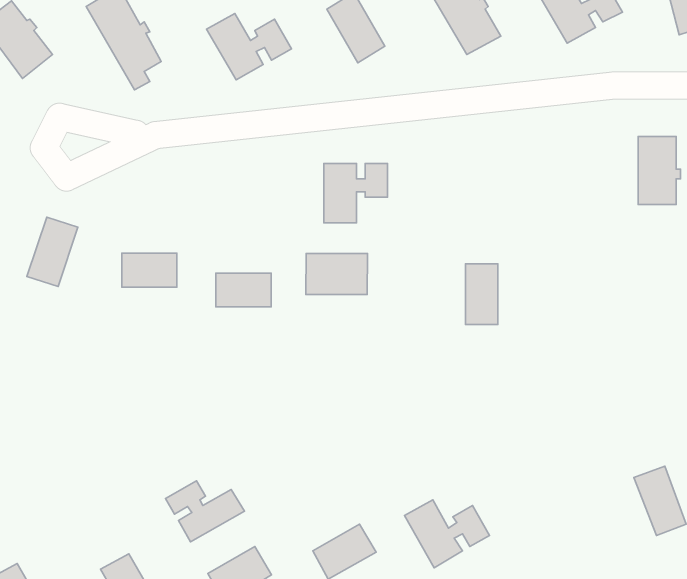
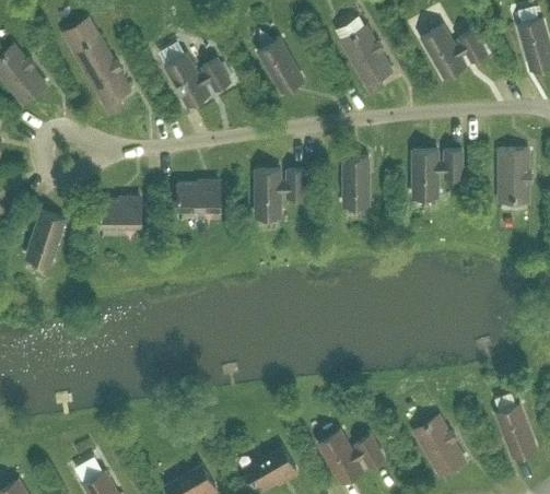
building: none -> [413,151,463,197]
building: [122,253,177,287] -> [98,200,141,226]
building: [306,253,368,295] -> none
building: [465,264,498,325] -> [343,158,368,205]
building: [216,273,271,307] -> [177,184,220,210]
building: [165,481,244,542] -> none
building: none -> [413,416,465,477]

